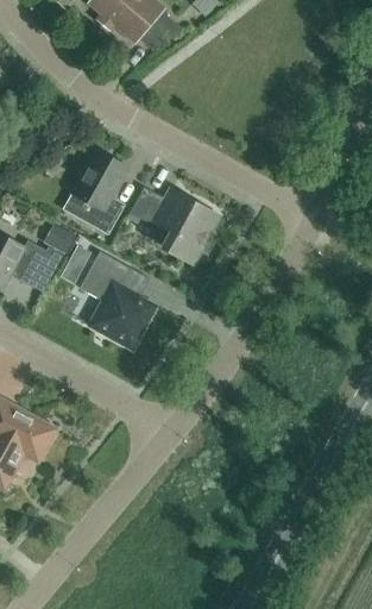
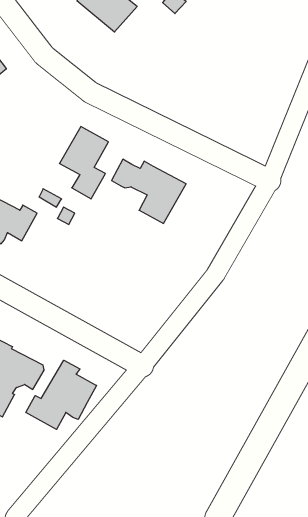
building: [80,251,155,349] -> none
building: none -> [26,360,97,429]

